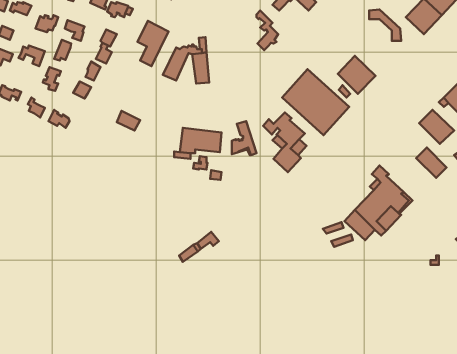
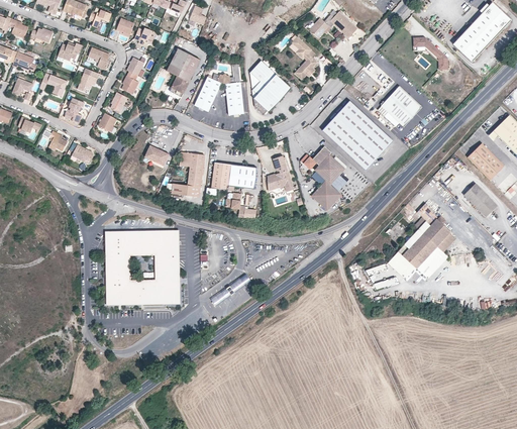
building: none -> [250,60,292,113]
building: none -> [172,150,205,195]
building: none -> [108,232,178,302]

